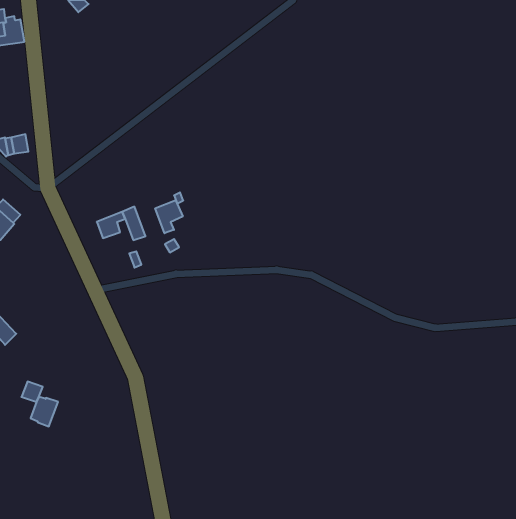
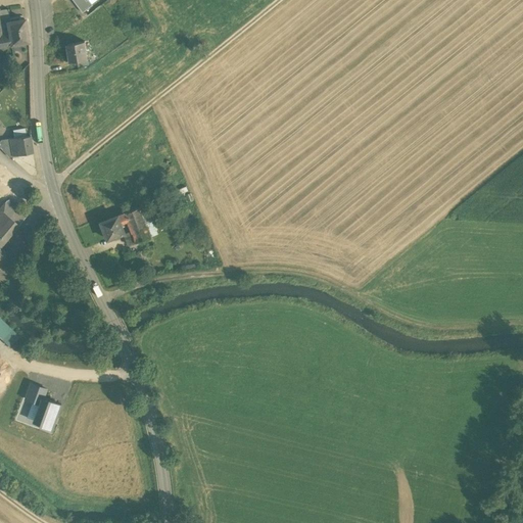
building: none -> [62,43,84,66]
building: [155,200,183,233] -> none

